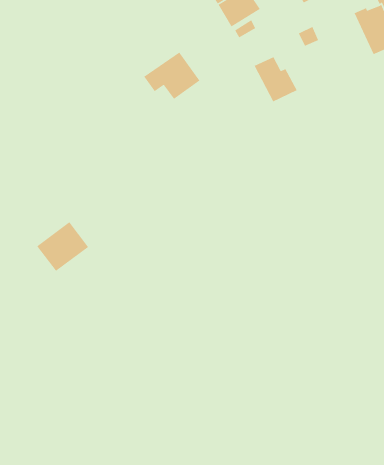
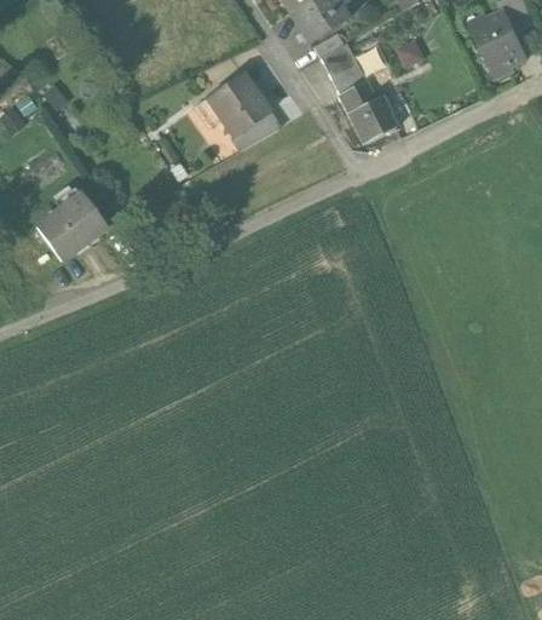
building: none -> [321,44,364,91]
building: none -> [232,111,279,148]
building: [36,221,89,272] -> [36,194,105,260]

